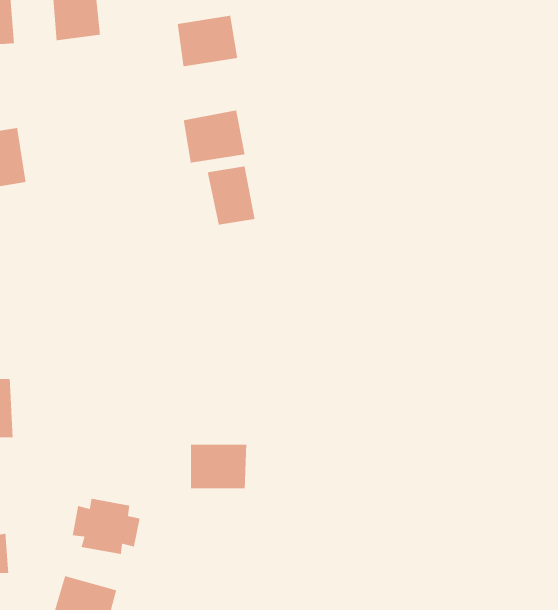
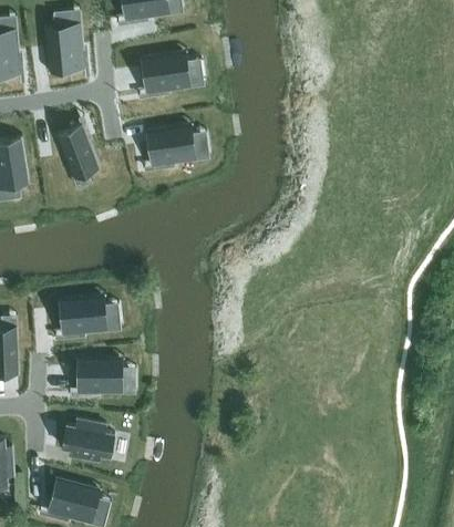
building: none -> [59,125,100,176]
building: [207,165,256,225] -> none
building: none -> [61,297,106,334]
building: [190,444,247,489] -> [78,359,121,393]

